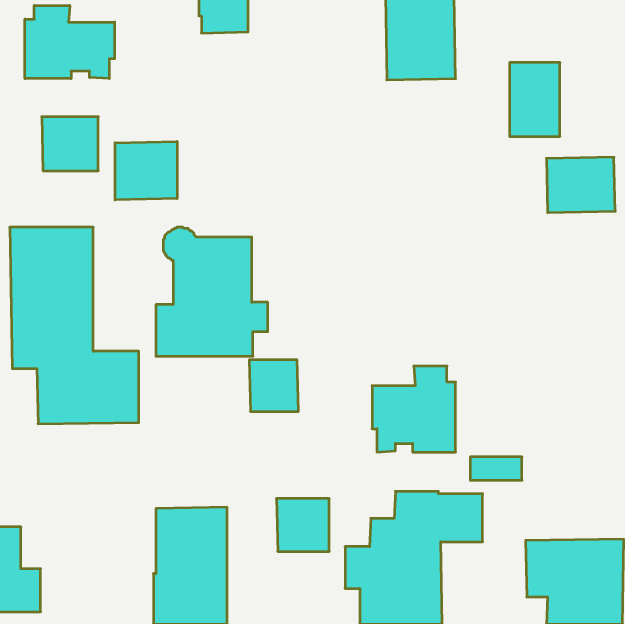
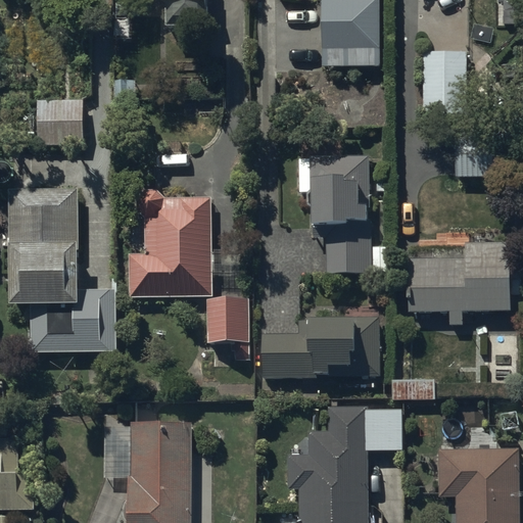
building: [25,5,115,79] -> none
building: [115,141,177,200] -> none
building: none -> [298,156,370,274]
building: none -> [408,243,510,325]
building: [276,499,329,551] -> [262,333,305,377]

